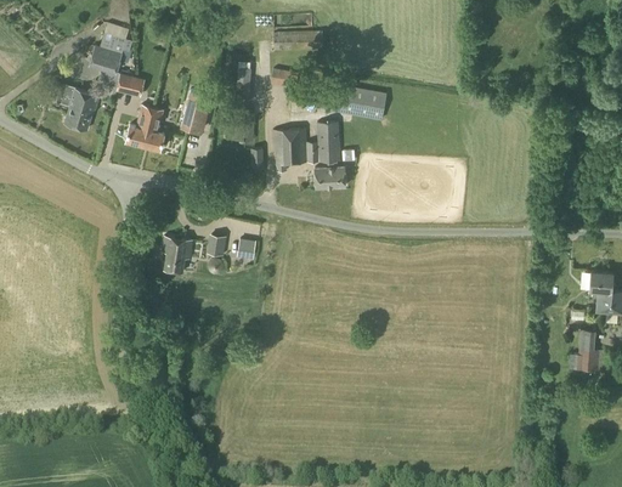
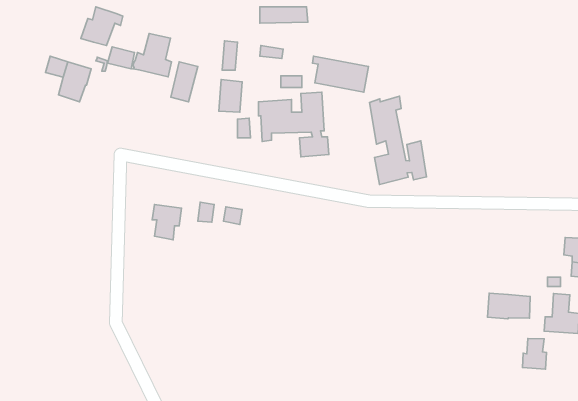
building: [124,103,164,148] -> [133,34,172,77]
building: none -> [369,96,427,184]
building: none -> [487,293,530,319]
building: none -> [522,339,547,369]

